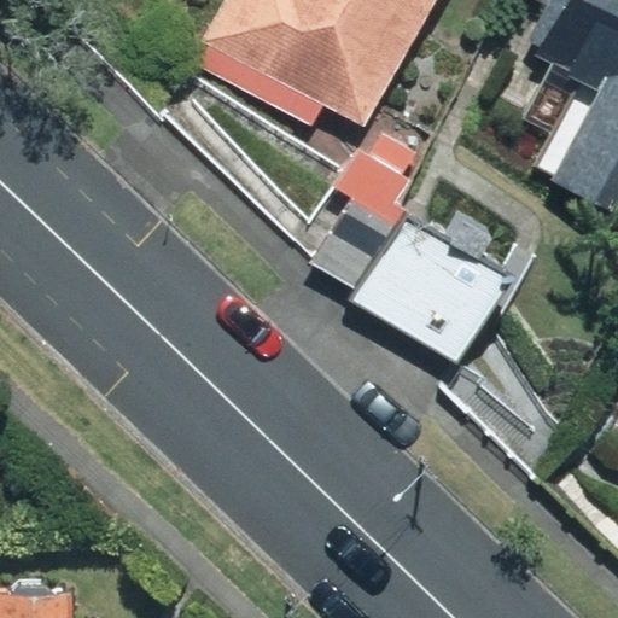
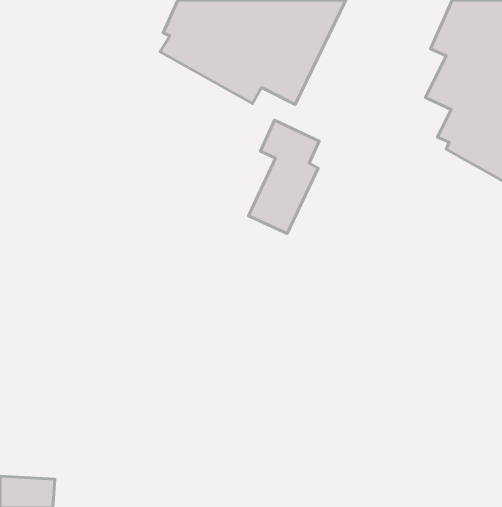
building: [360,186,534,350] -> none

